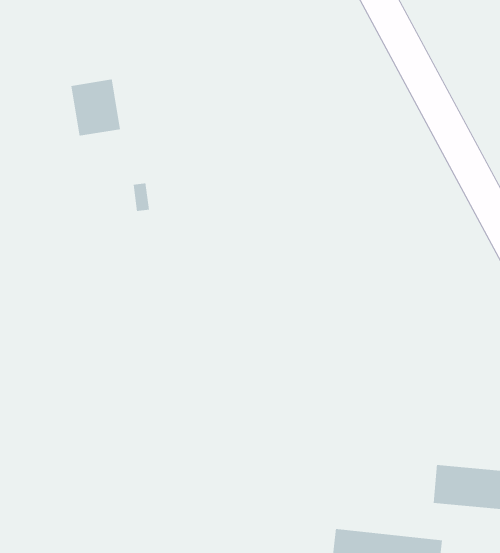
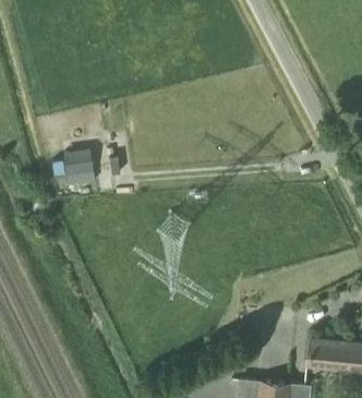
building: [70,79,121,136] -> [62,149,95,186]

